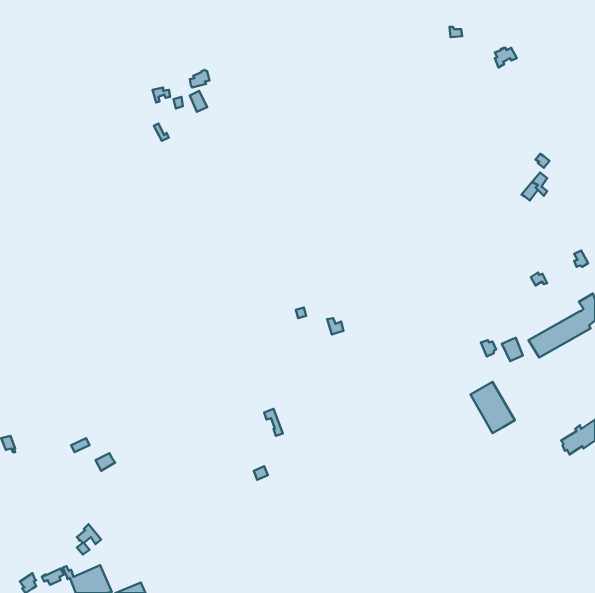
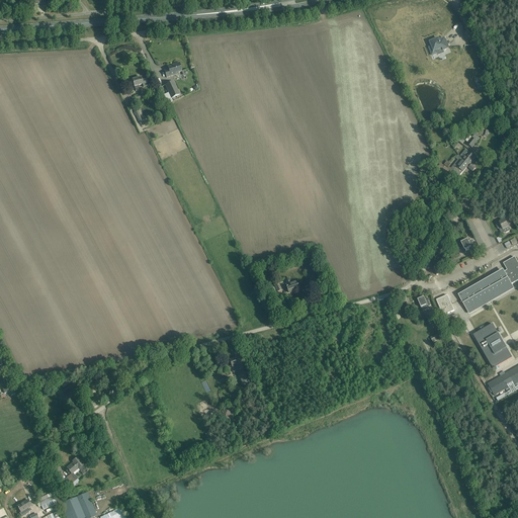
building: [471,382,515,433] -> [473,323,512,367]

